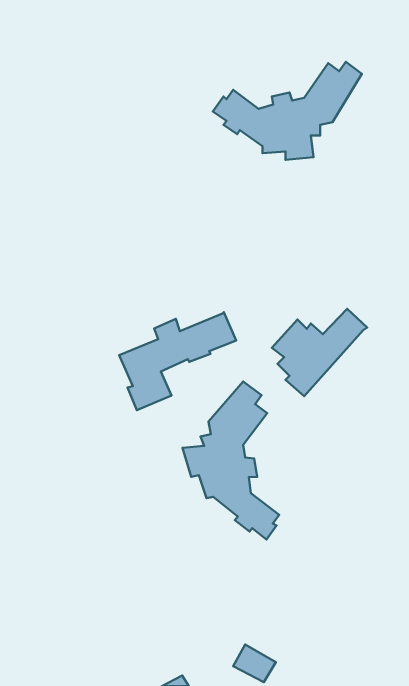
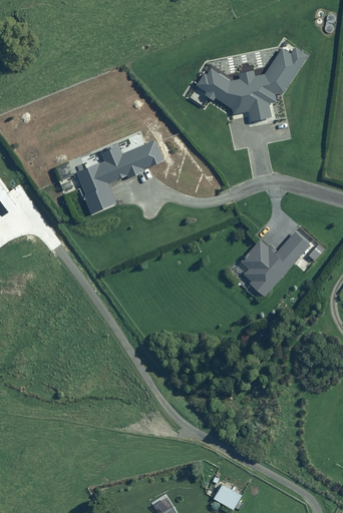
building: [119,312,236,410] -> [76,139,163,212]
building: [182,382,279,540] -> none

